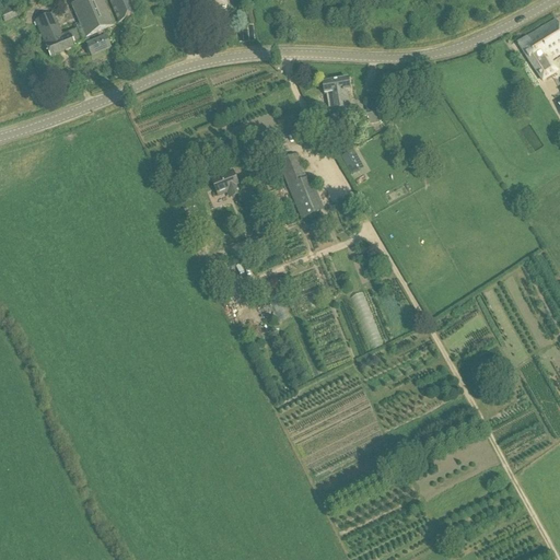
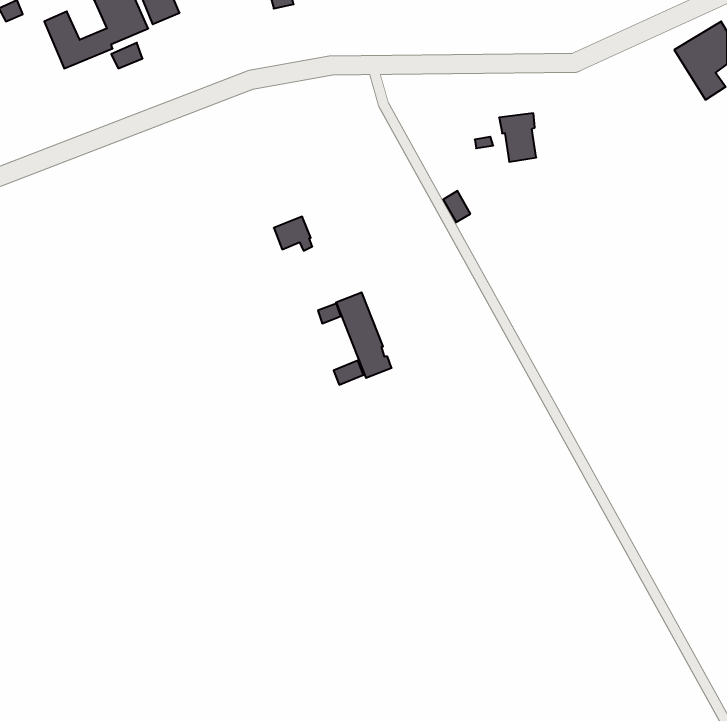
building: [322,74,350,112] -> [499,113,536,162]
building: [277,150,319,215] -> [336,292,392,378]

